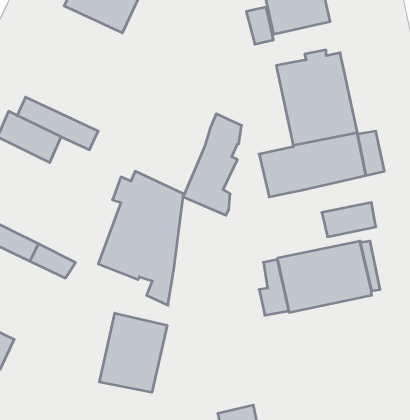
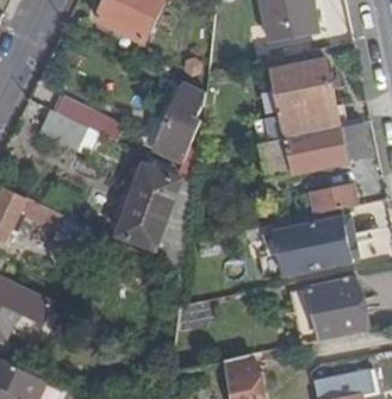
building: [183,114,242,215] -> [155,82,204,167]
building: [99,313,167,392] -> none
building: none -> [291,278,366,343]

